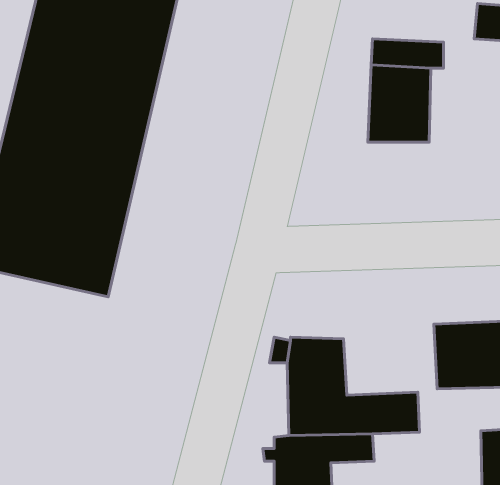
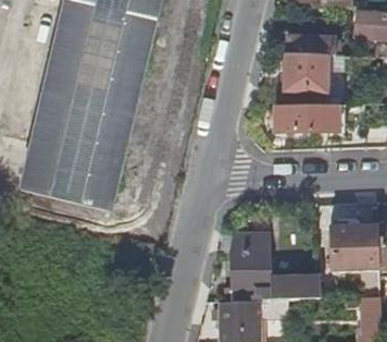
building: none -> [275,102,338,127]

